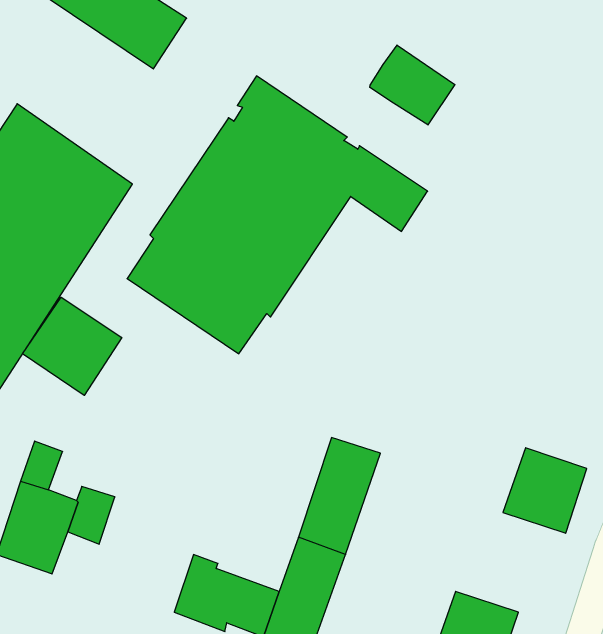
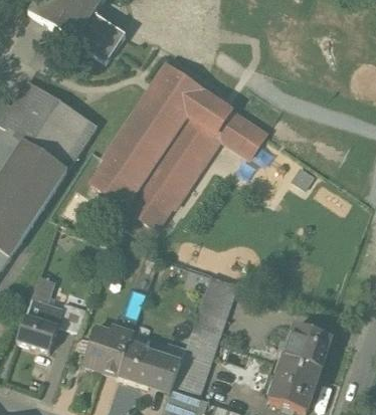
building: [370,45,455,125] -> none
building: [22,297,122,395] -> none
building: [503,448,587,533] -> [281,325,330,374]
building: none -> [83,325,132,374]

